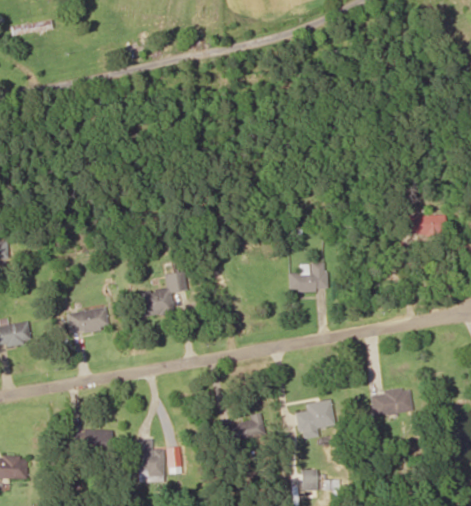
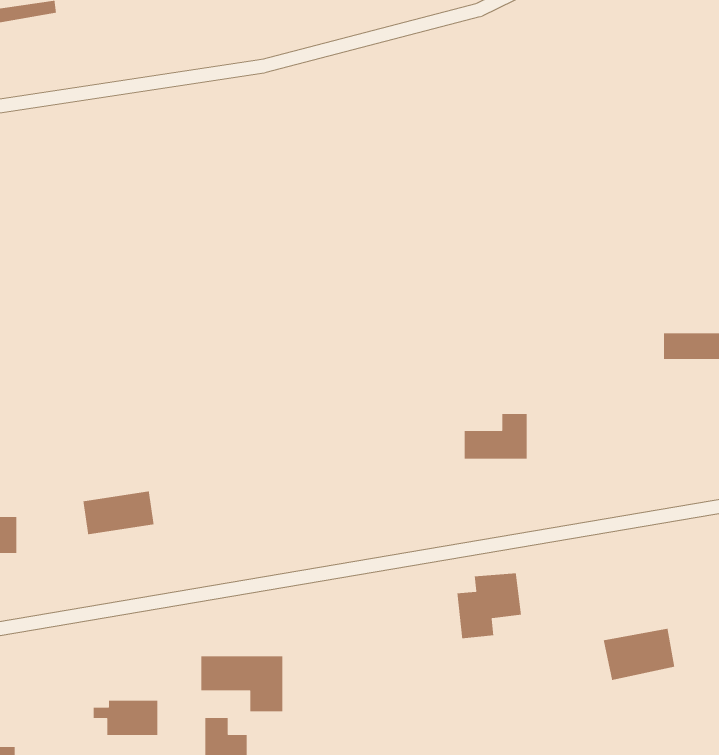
building: [141,271,187,316] -> none
building: [297,400,335,439] -> [457,572,522,639]
building: none -> [200,655,283,712]
building: [223,415,266,445] -> none

